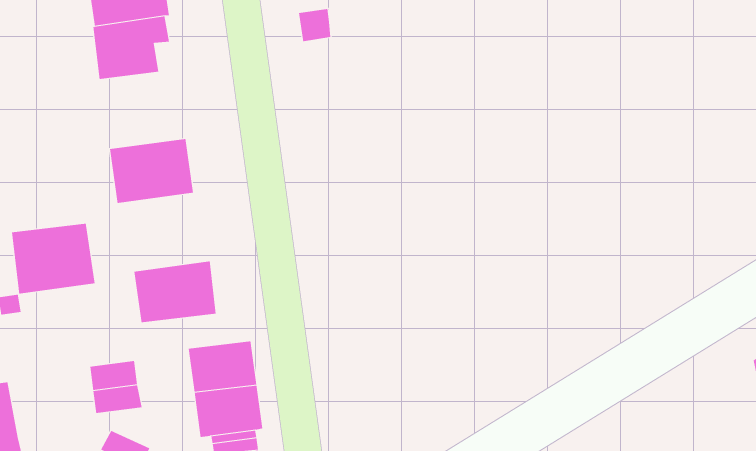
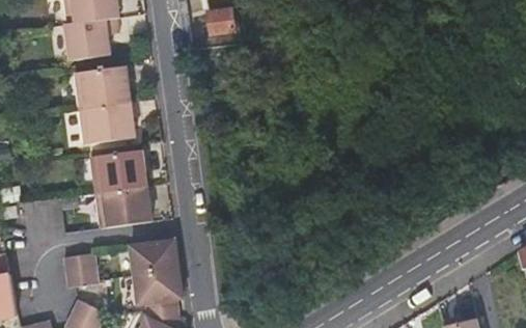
building: none -> [73,66,130,108]
building: [11,223,96,294] -> [88,143,146,192]

